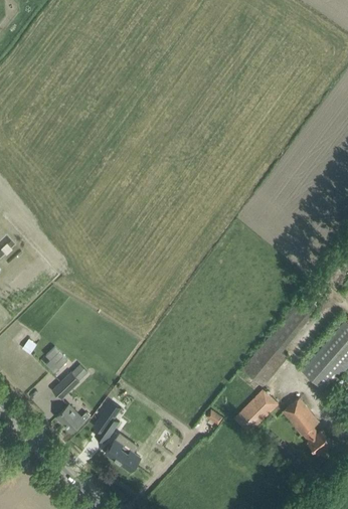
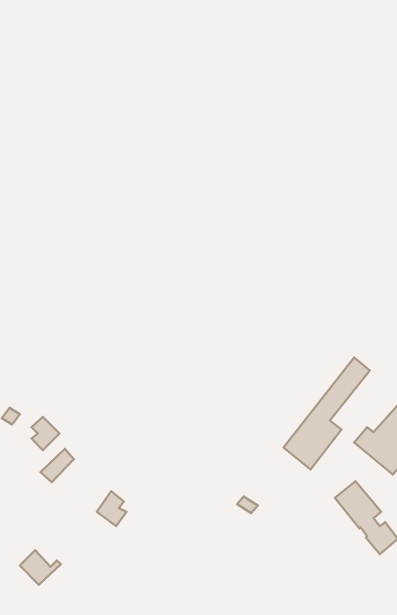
building: [233,391,276,433] -> none
building: [55,404,88,432] -> [20,550,61,585]
building: [104,434,140,471] -> none

